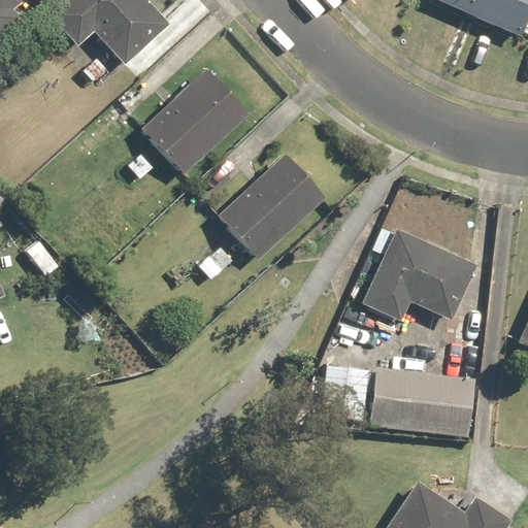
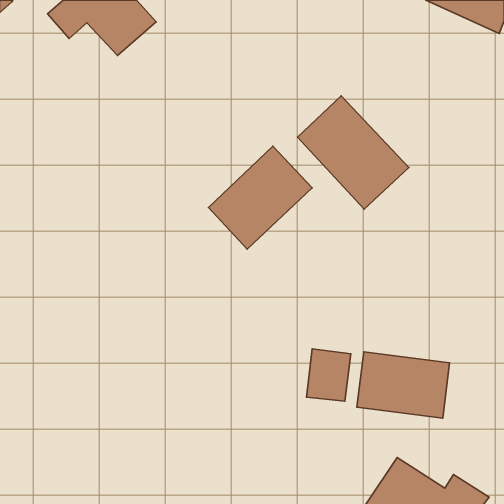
building: [144,69,248,171] -> none
building: none -> [298,96,409,209]
building: [362,229,475,321] -> none

